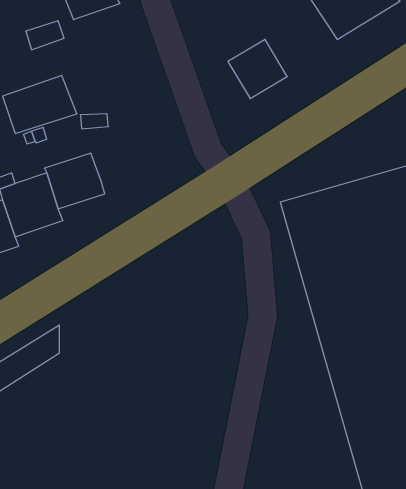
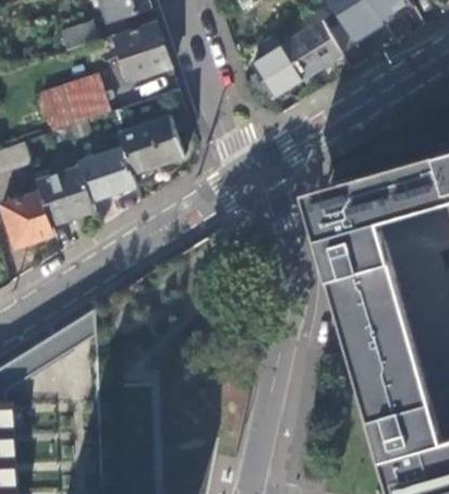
building: none -> [284,21,340,76]
building: none -> [112,24,169,83]
building: none -> [117,117,182,174]

